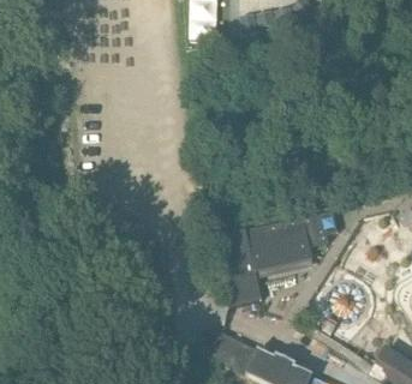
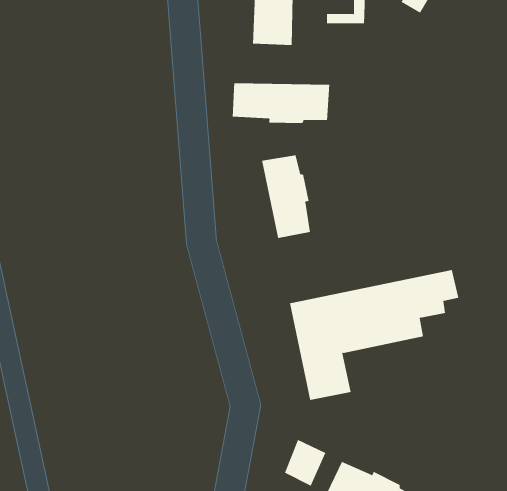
building: none -> [232,82,330,124]
building: none -> [262,155,311,239]

